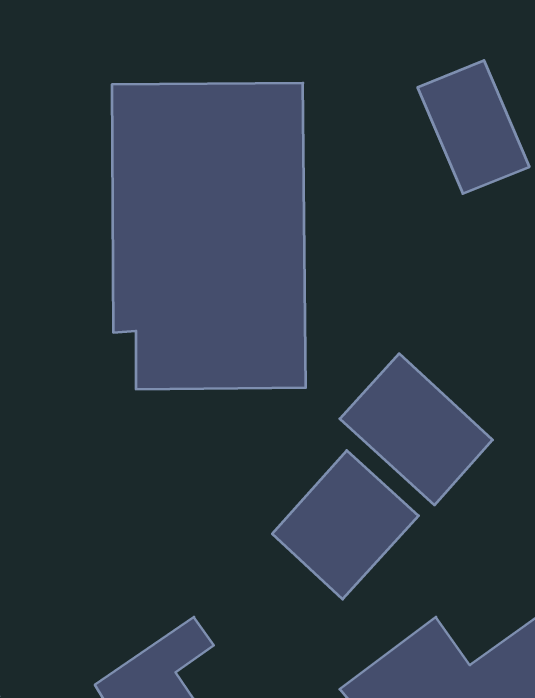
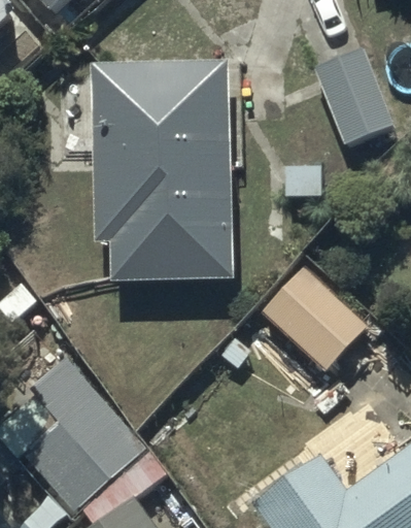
building: [272,450,419,599] -> none
building: none -> [21,345,143,499]

